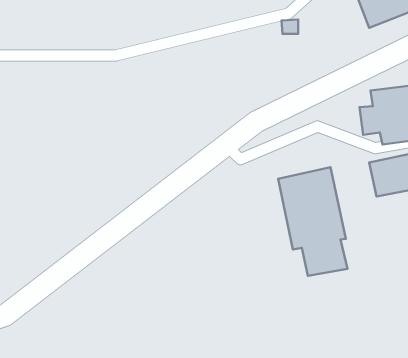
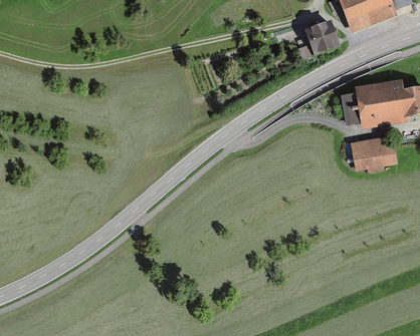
building: none -> [302,21,340,56]
building: [278,167,347,276] -> none

